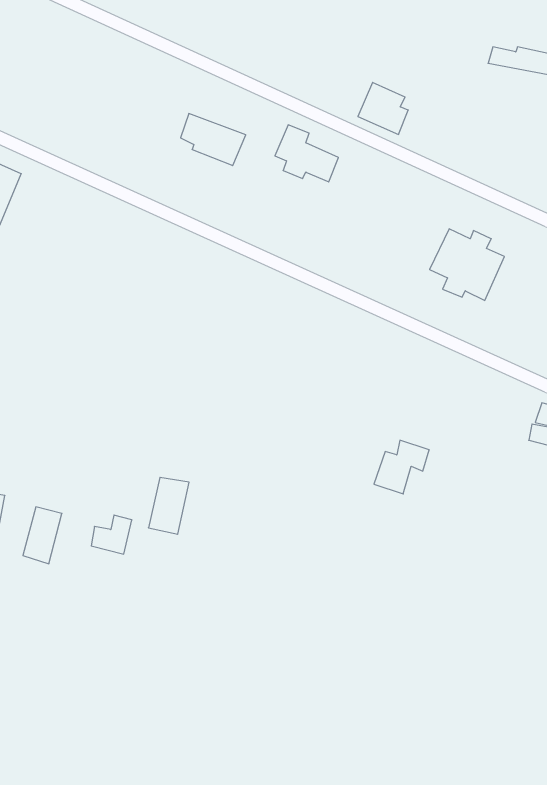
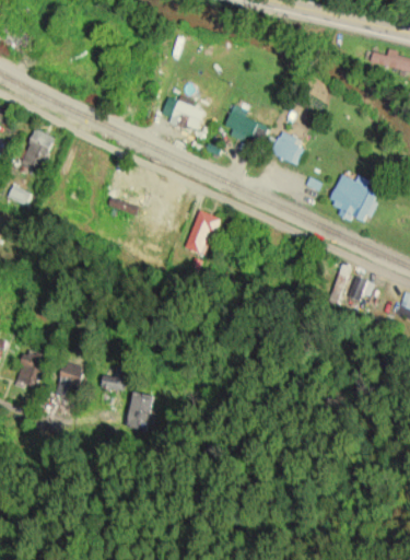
building: [358,82,408,134] -> [270,130,304,165]
building: none -> [185,210,221,255]
building: [374,440,429,494] -> [337,275,374,311]
building: [148,477,189,534] -> [127,392,154,430]

